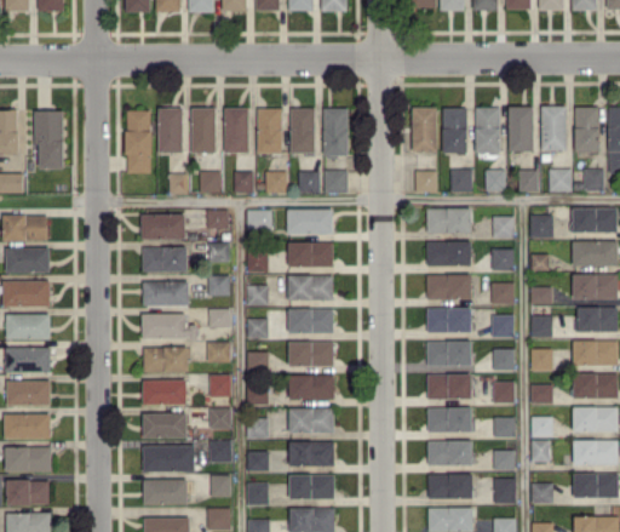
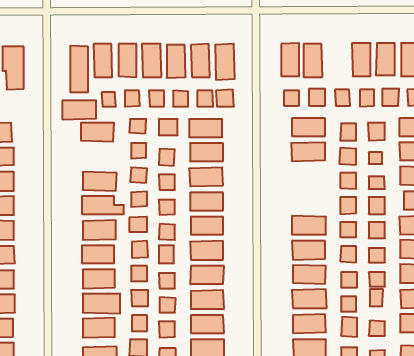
building: [475,108,500,153] -> none
building: [142,247,188,273] -> [62,101,96,119]
building: [426,274,471,299] -> none
building: [426,308,471,333] -> none

